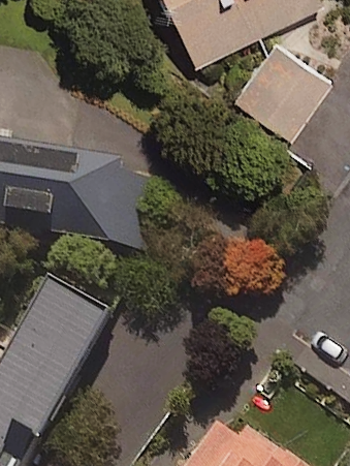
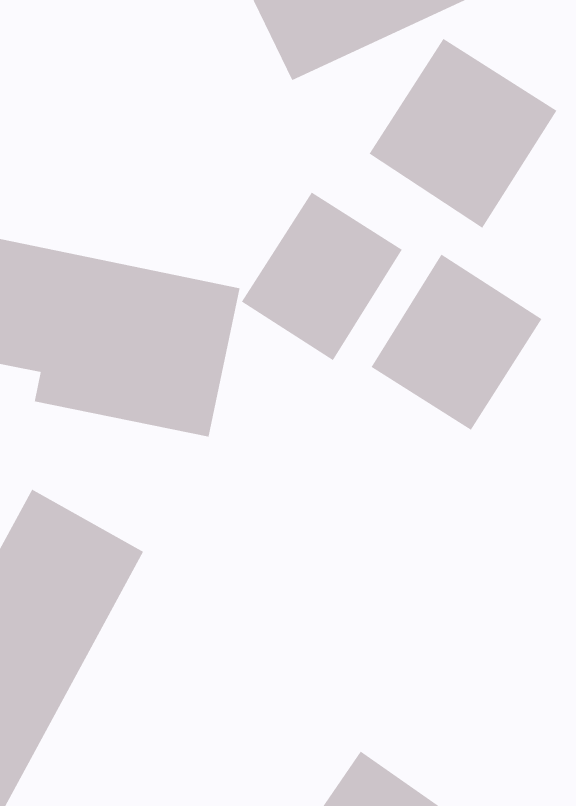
building: none -> [241,192,403,361]
building: none -> [370,253,543,431]

